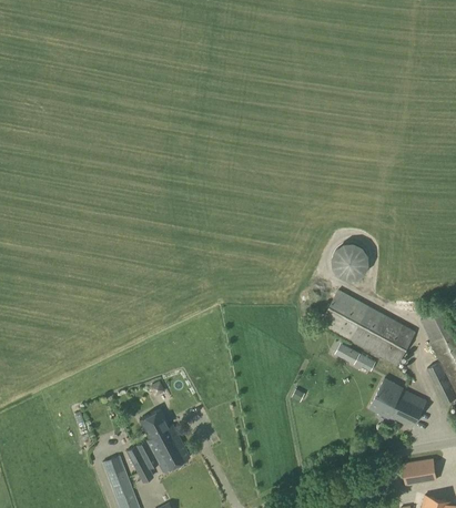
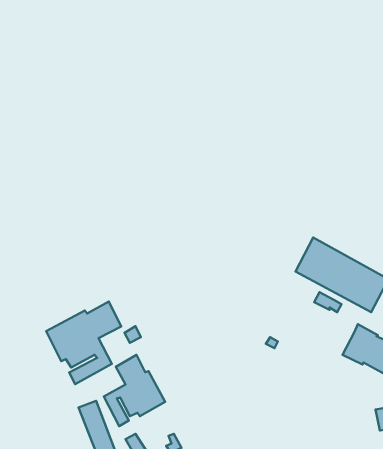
building: [332,243,371,281] -> none
building: none -> [46,301,121,384]

